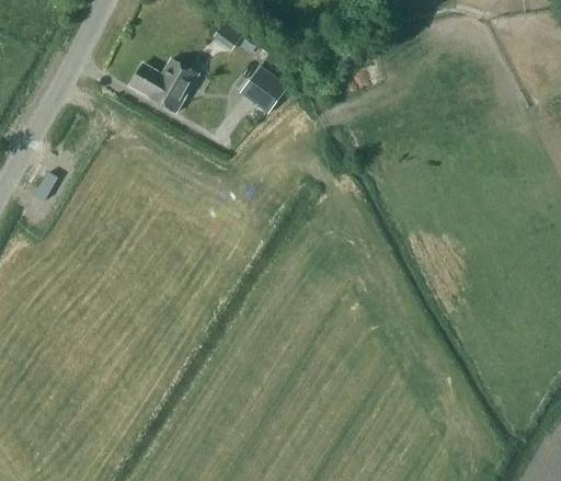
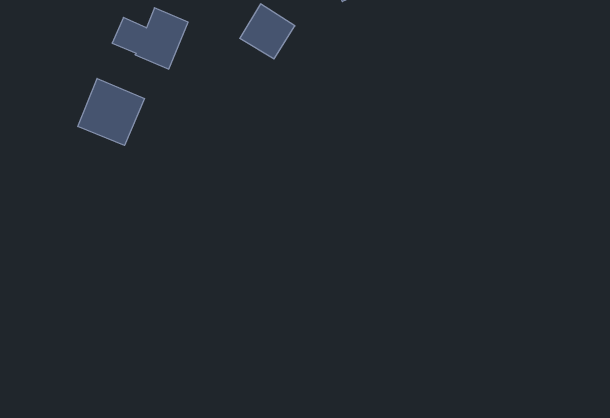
building: none -> [78,78,144,145]

